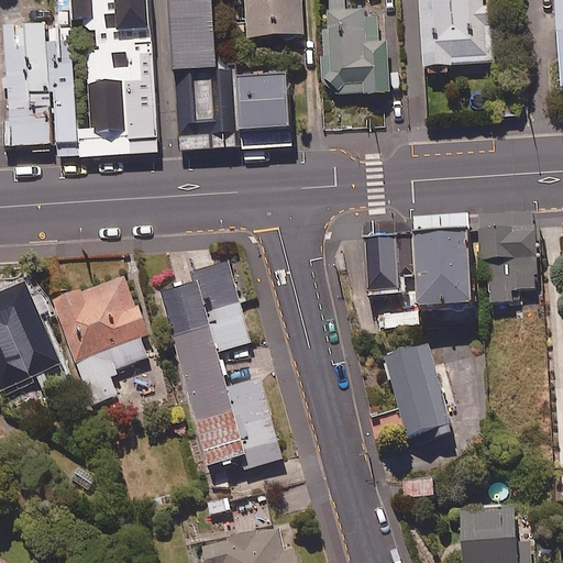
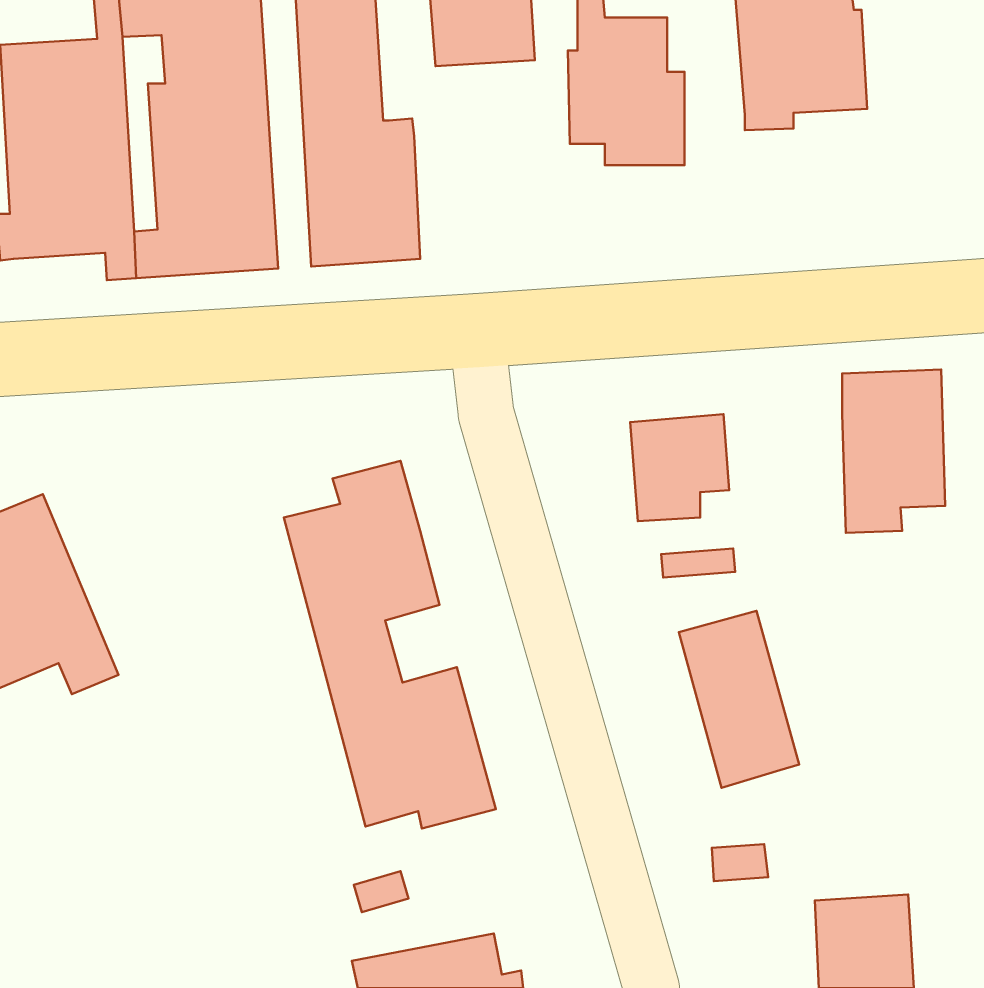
building: [234,75,294,146] -> none
building: [411,210,468,307] -> none
building: [52,275,147,404] -> none

